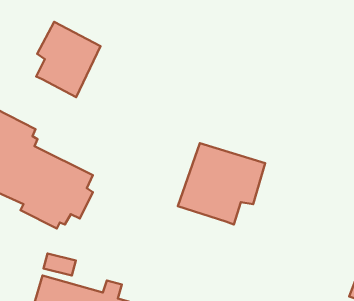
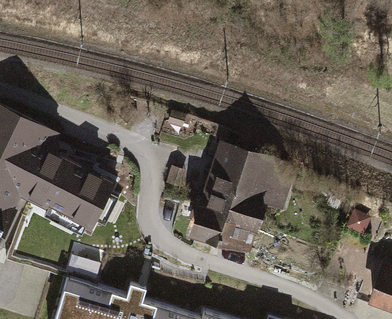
building: [36,22,101,97] -> none
building: none -> [194,211,250,248]

